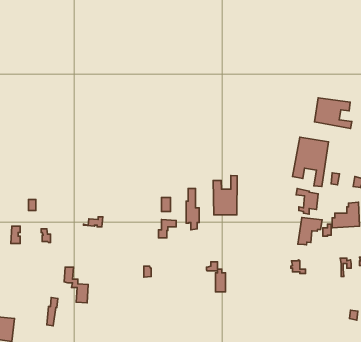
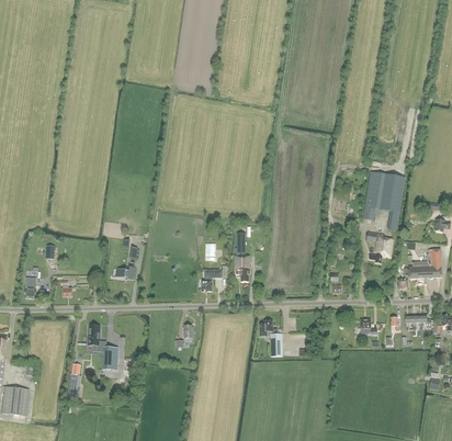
building: [314,98,352,128] -> none
building: [213,176,237,215] -> none
building: [298,218,322,245] -> none

